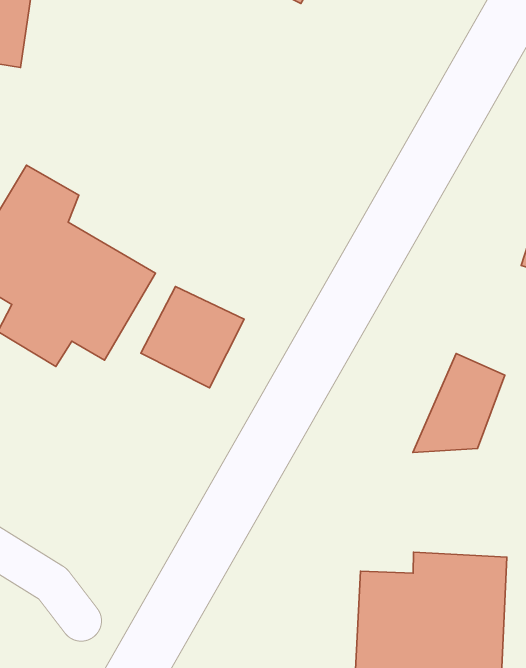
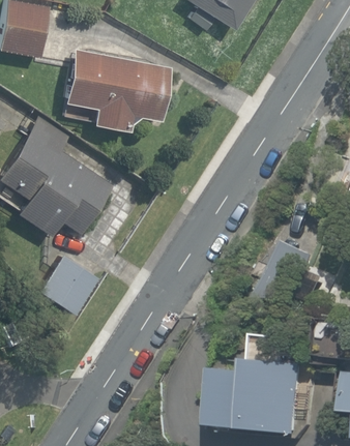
building: none -> [62,48,170,130]
building: [141,286,244,388] -> [36,252,98,314]

